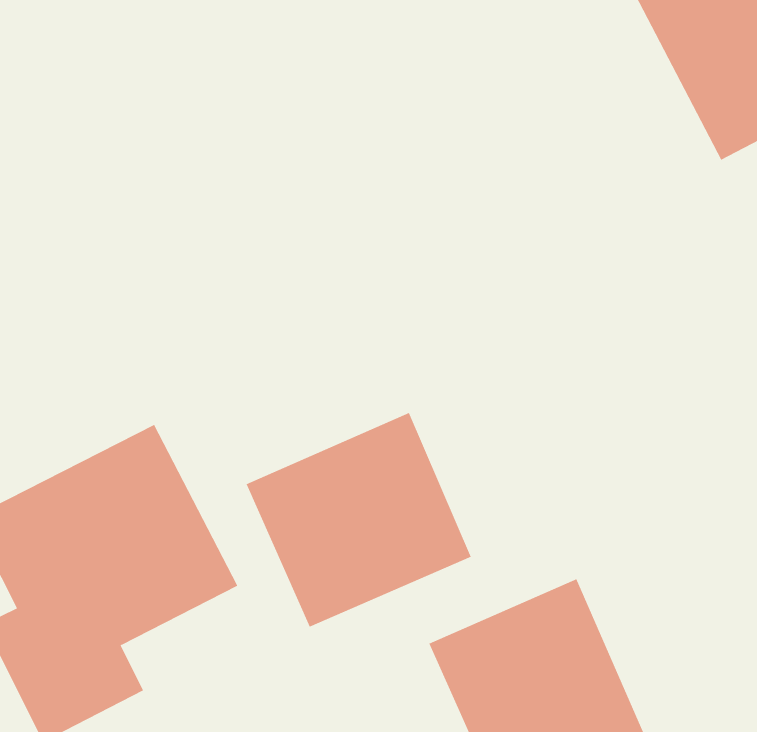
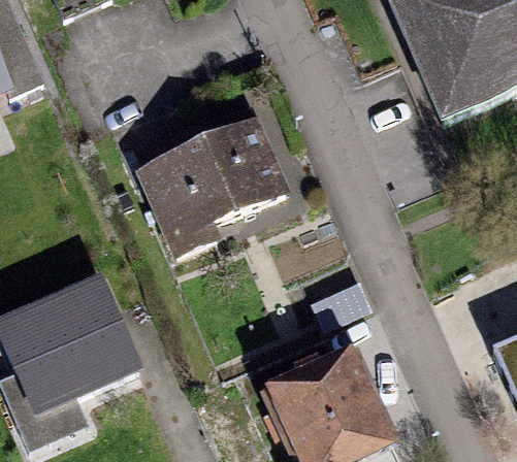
building: none -> [128,114,303,261]
building: [246,412,471,627] -> none

